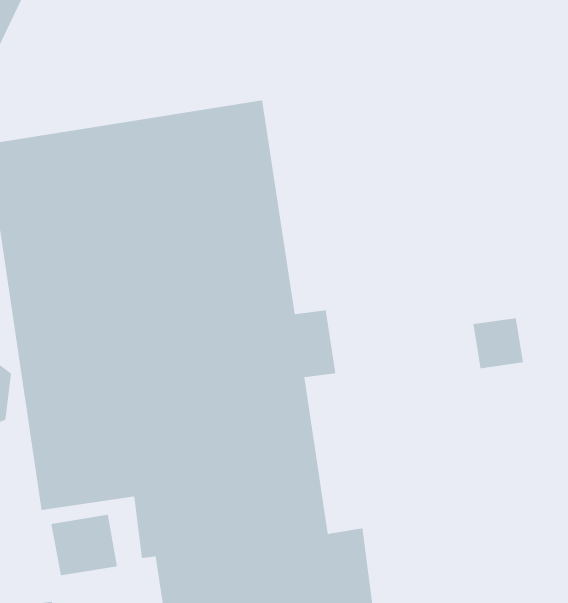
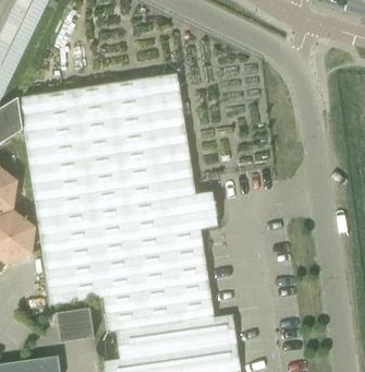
building: [473,317,523,369] -> none

